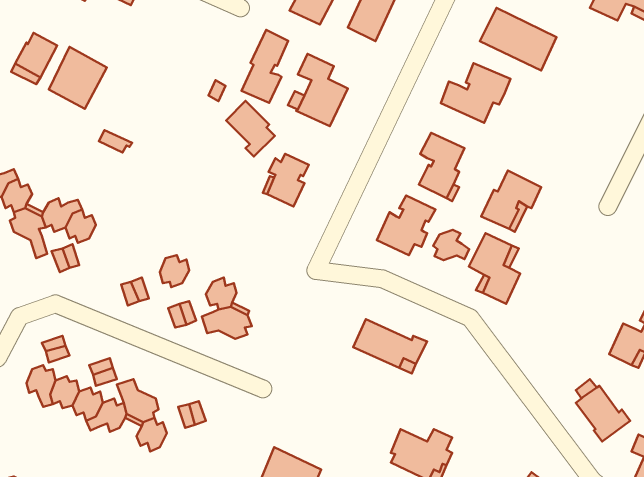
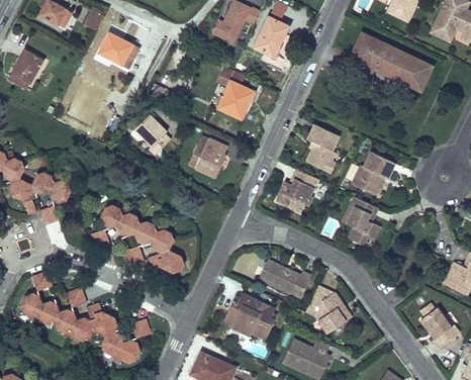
building: none -> [99,33,138,68]
building: [241,30,288,103] -> none
building: none -> [394,54,432,90]
building: [49,47,107,109] -> none
building: [441,63,510,123] -> none
building: [226,101,275,157] -> [134,114,170,155]
building: [433,230,469,260] -> none
building: none -> [100,204,129,227]
building: none -> [133,220,164,244]
building: none -> [309,285,351,333]
building: none -> [223,293,274,340]
building: none -> [110,339,139,363]

